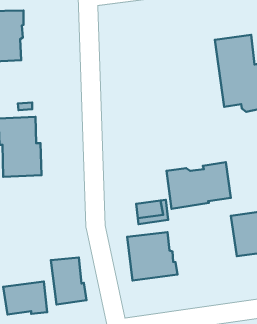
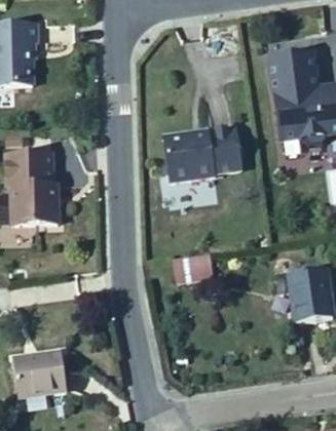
building: [167,162,231,209] -> [163,125,241,182]
building: [127,232,177,281] -> none
building: [51,258,86,304] -> none

